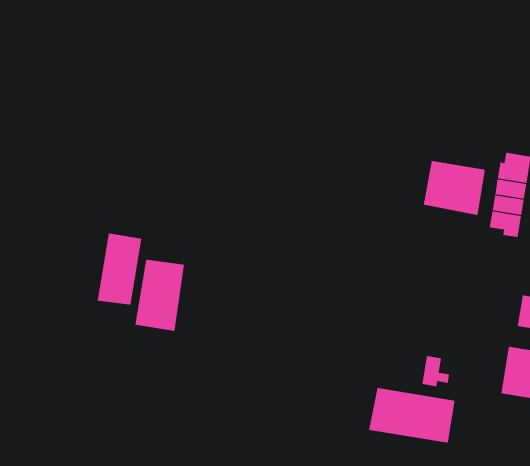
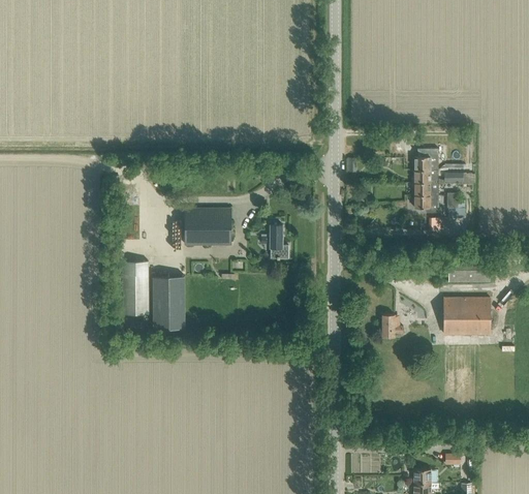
building: [423,160,486,216] -> none
building: none -> [184,208,229,245]
building: none -> [260,225,287,258]
building: [368,387,455,444] -> none

